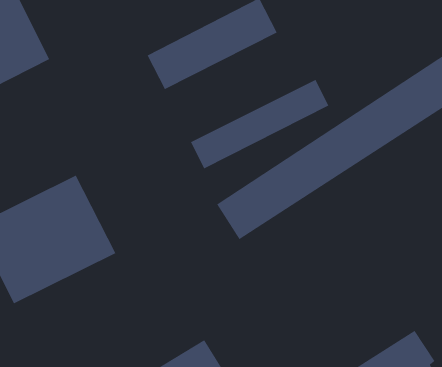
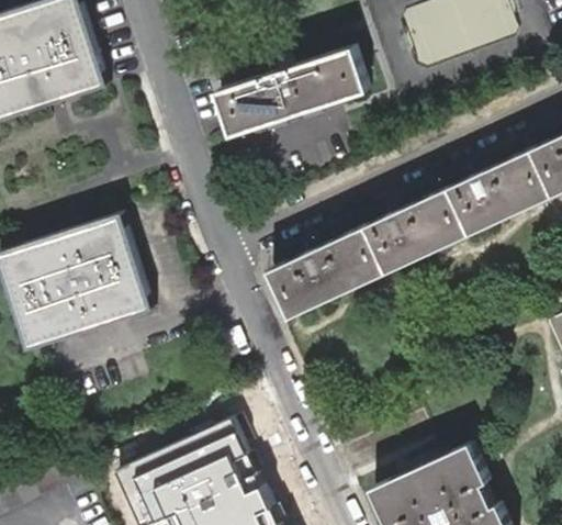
building: [190,79,329,170] -> none

